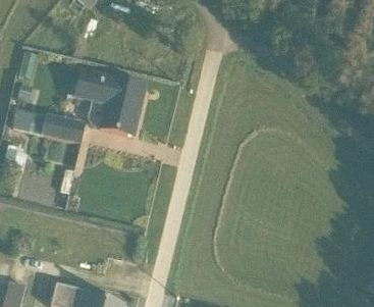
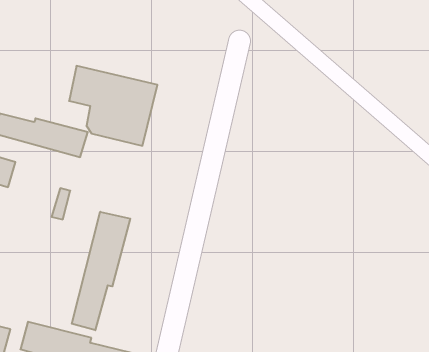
building: none -> [72,212,130,330]

